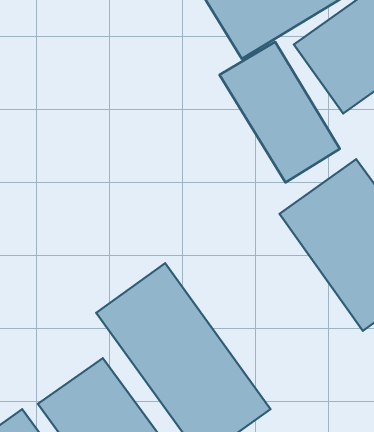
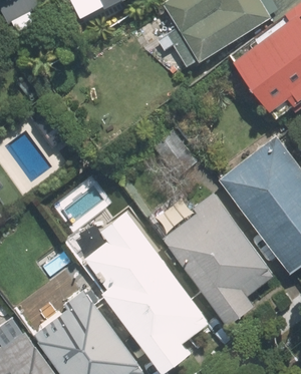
building: [220,42,340,182] -> none
building: none -> [161,204,276,322]

